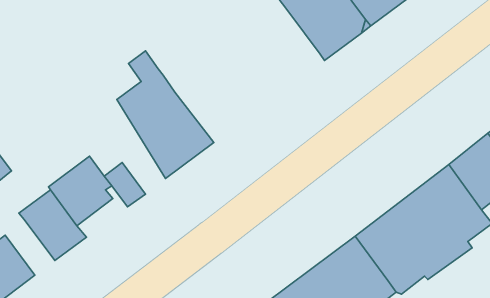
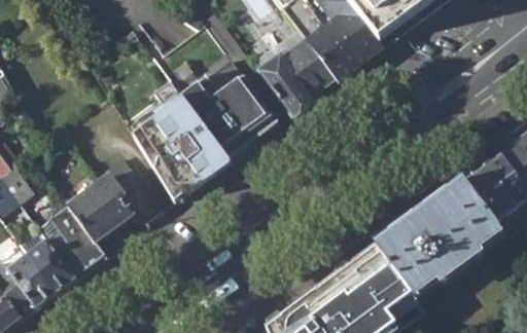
building: none -> [256,32,332,113]
building: none -> [179,57,275,159]
building: none -> [25,234,73,289]

